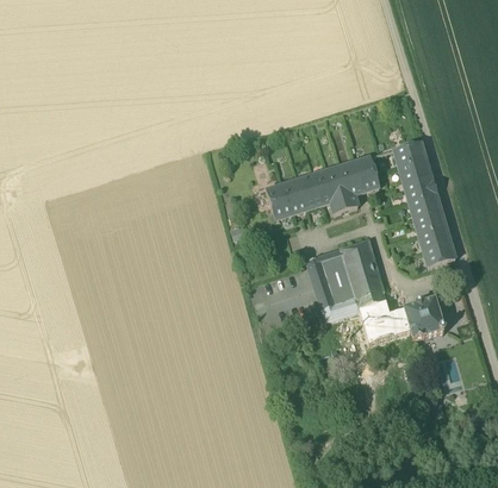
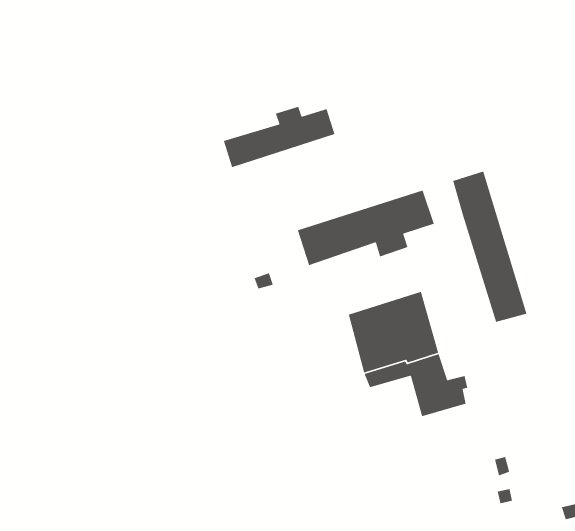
building: none -> [223,106,335,168]
building: [404,299,447,339] -> none

